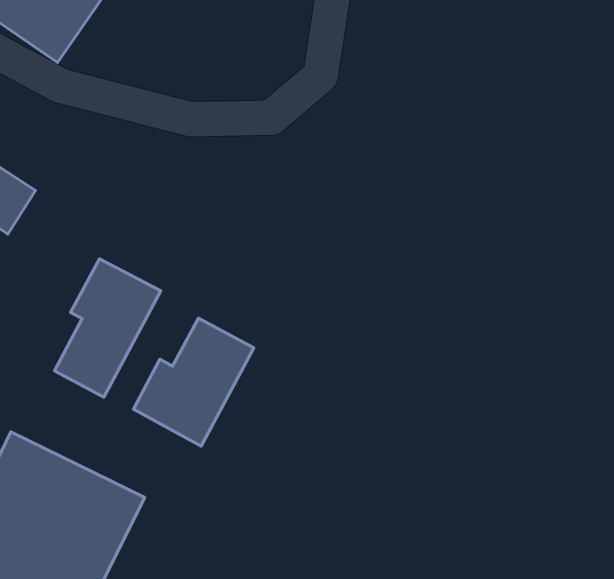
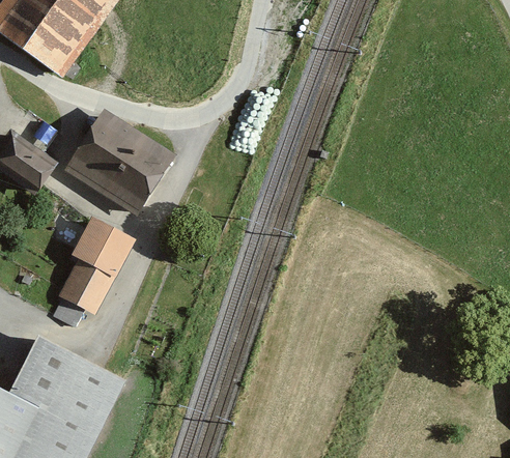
building: none -> [63,111,168,211]
building: [133,318,254,446] -> none

